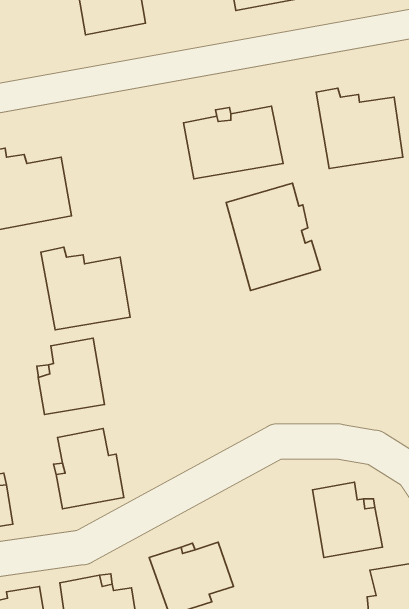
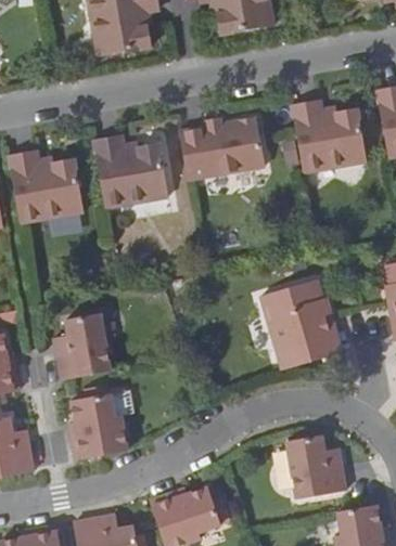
building: [226,183,321,290] -> [261,277,342,368]
building: [41,247,130,330] -> [93,138,169,208]

